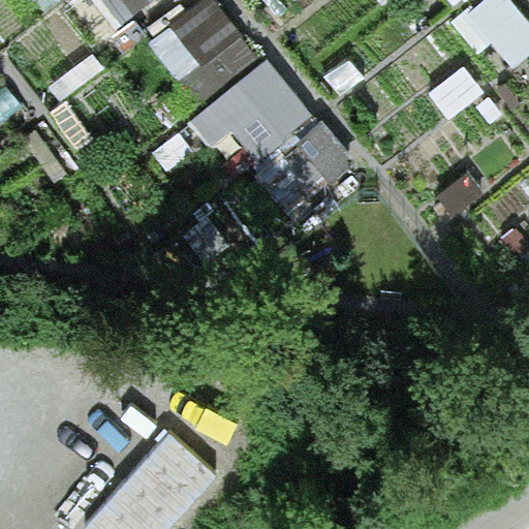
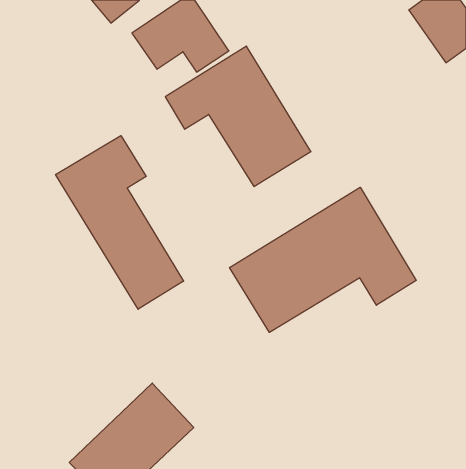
building: none -> [56,136,184,309]
building: none -> [230,187,416,332]

